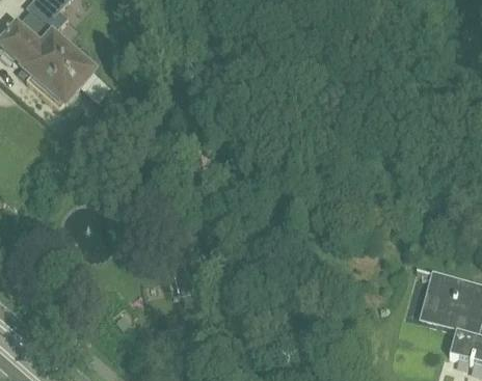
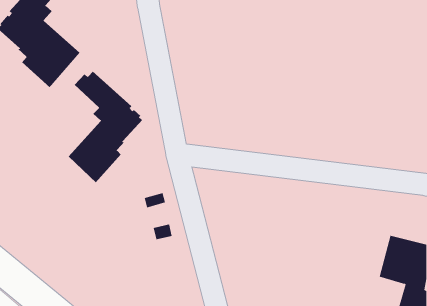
building: none -> [68,71,143,183]

